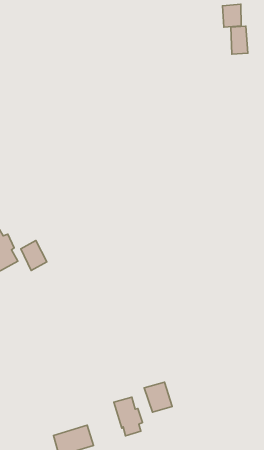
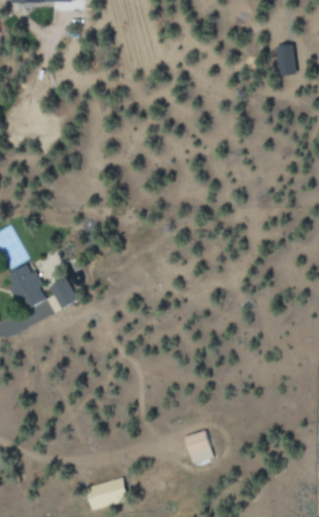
building: [222,4,241,27] -> none
building: [114,397,143,436] -> none

